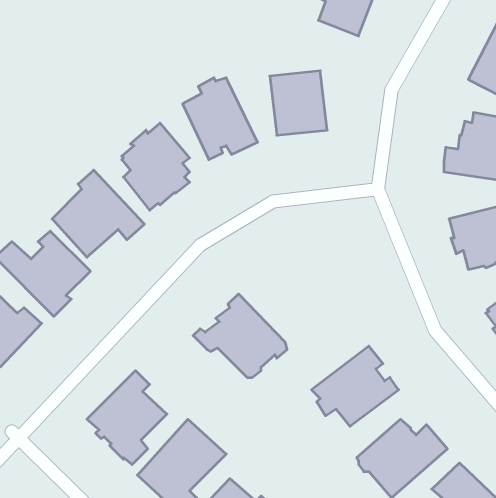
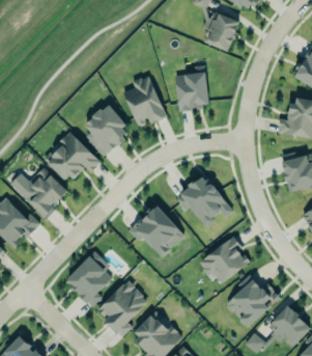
building: none -> [176,175,233,226]

